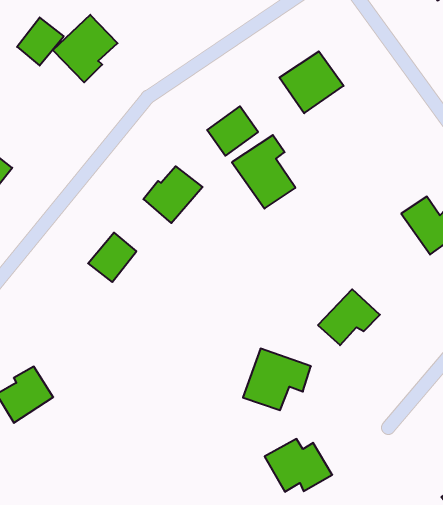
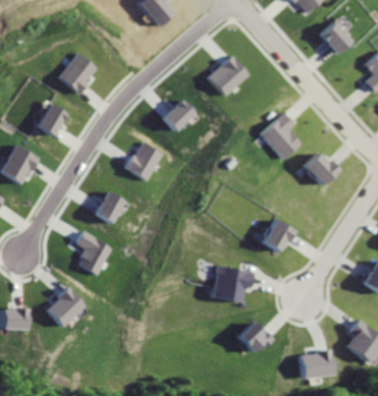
building: [17,17,64,66] -> [38,104,67,135]
building: [232,135,295,209] -> [258,113,302,162]
building: none -> [79,231,117,276]

